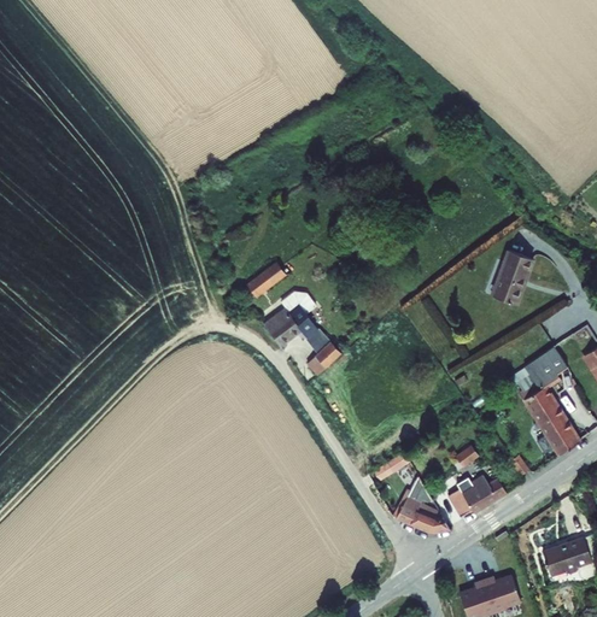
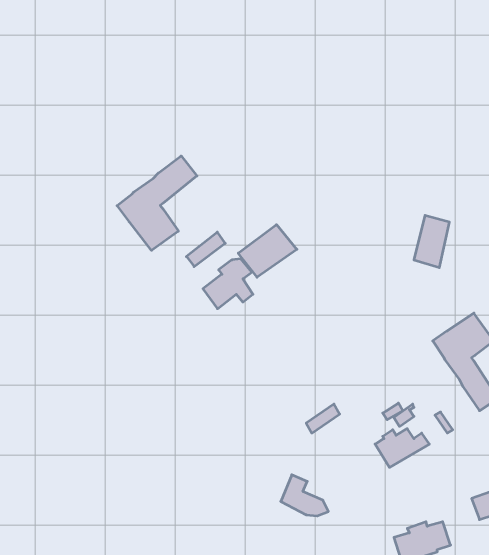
building: none -> [117,156,197,250]
building: none -> [238,225,297,277]
building: [300,340,338,376] -> none
building: [394,487,446,531] -> [281,475,328,516]

